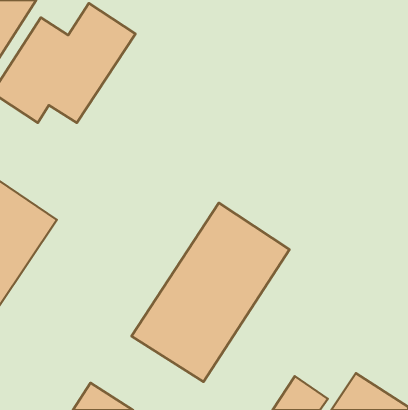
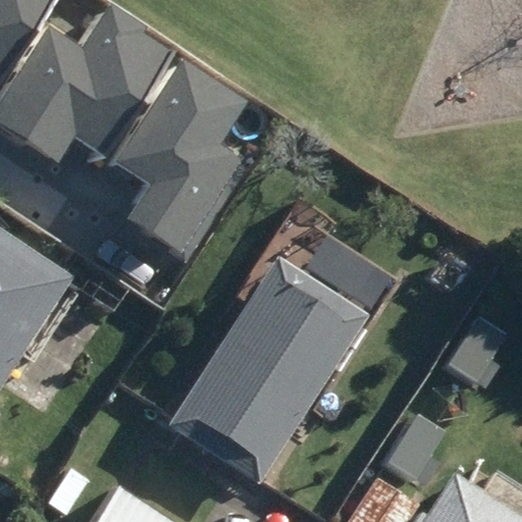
building: none -> [115,62,244,253]

